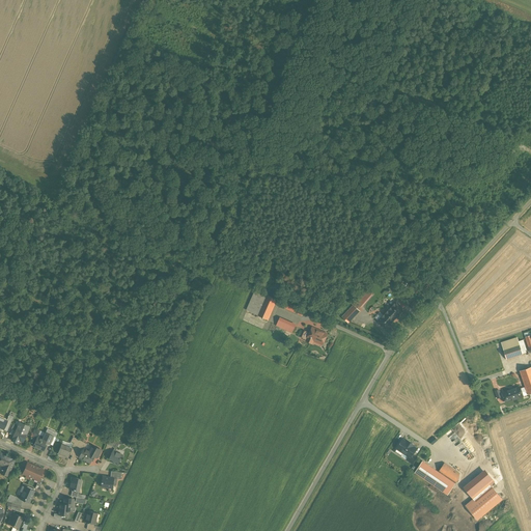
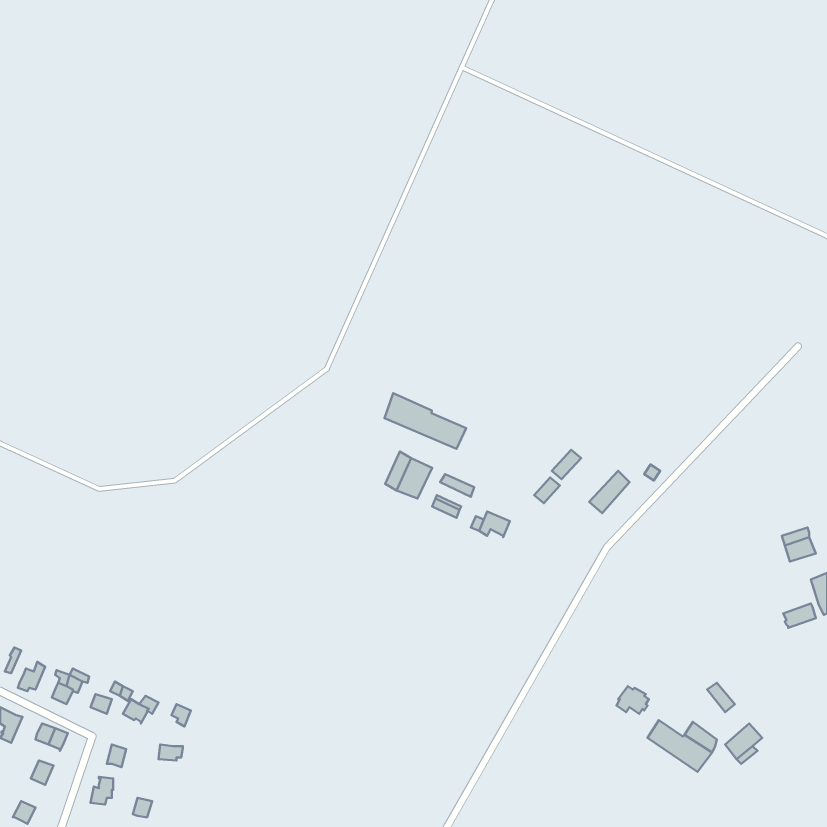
building: none -> [384,393,466,449]
building: [466,485,502,520] -> none

